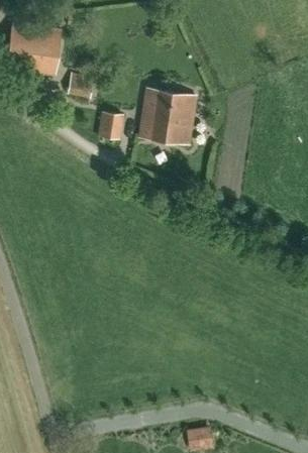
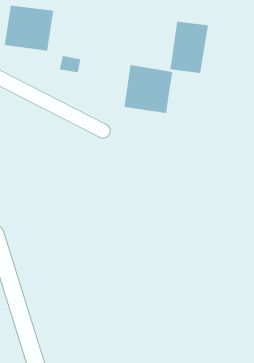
building: none -> [169,21,209,74]
building: [99,112,124,140] -> none

